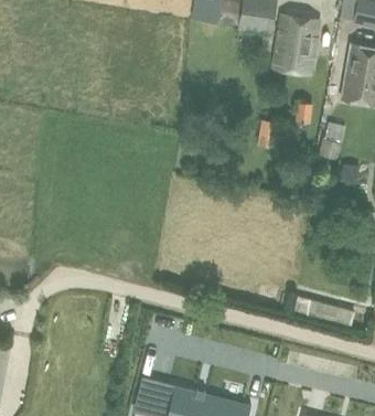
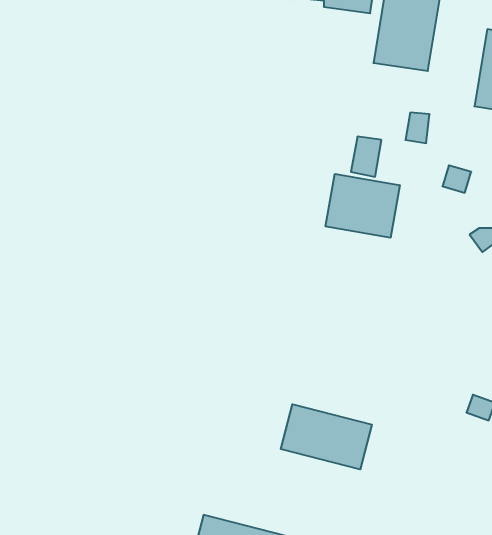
building: none -> [326,174,400,238]
building: none -> [281,404,372,469]

